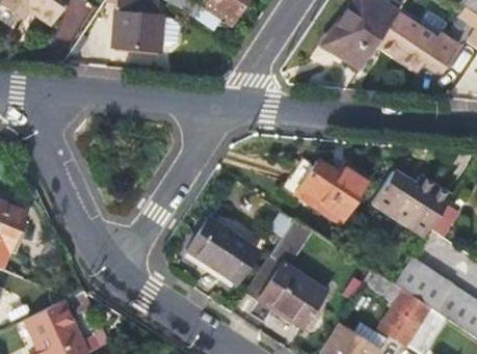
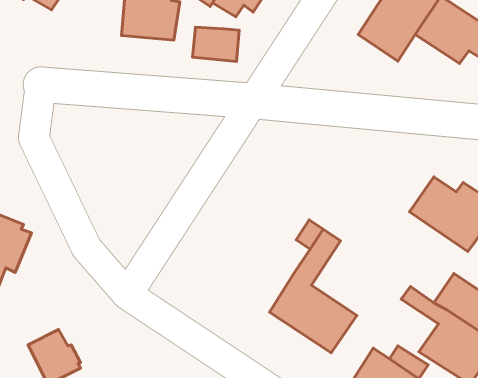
building: none -> [192,27,239,62]
building: [296,160,370,223] -> none
building: [187,220,257,283] -> none

